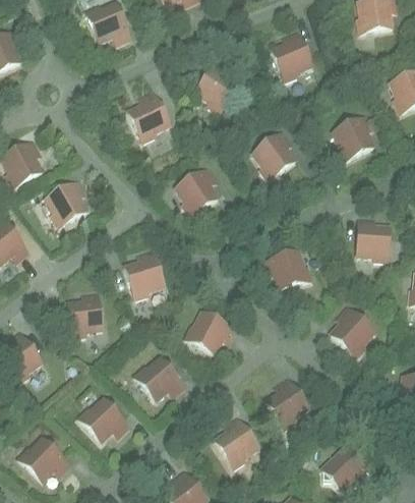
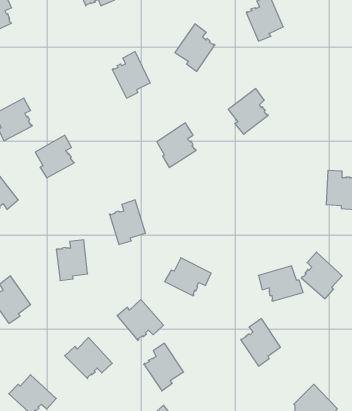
building: [333,114,374,160] -> none
building: [263,250,311,288] -> [258,266,303,301]
building: [215,416,257,467] -> [144,343,184,391]

